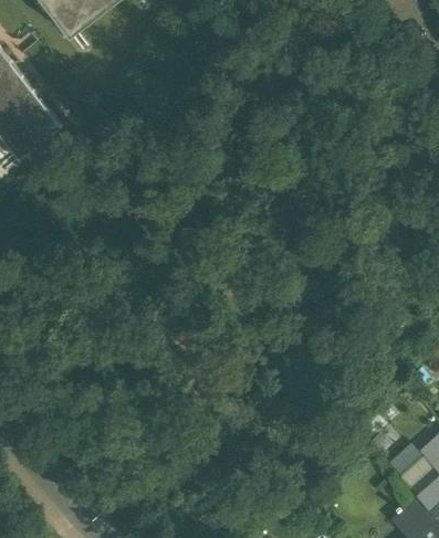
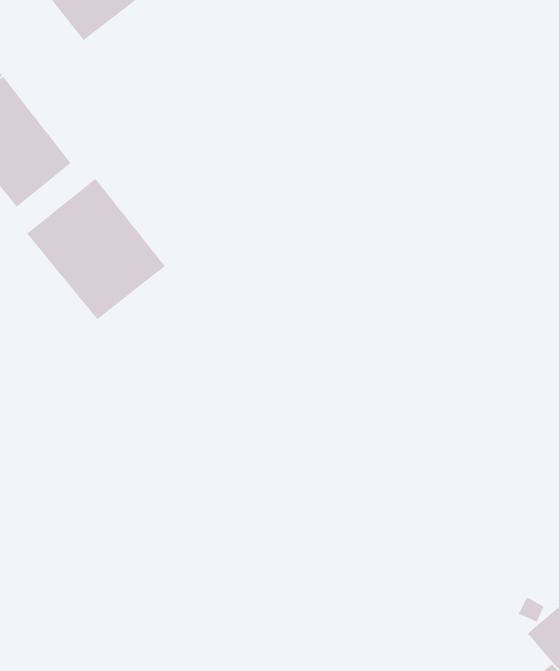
building: none -> [26,178,166,320]

